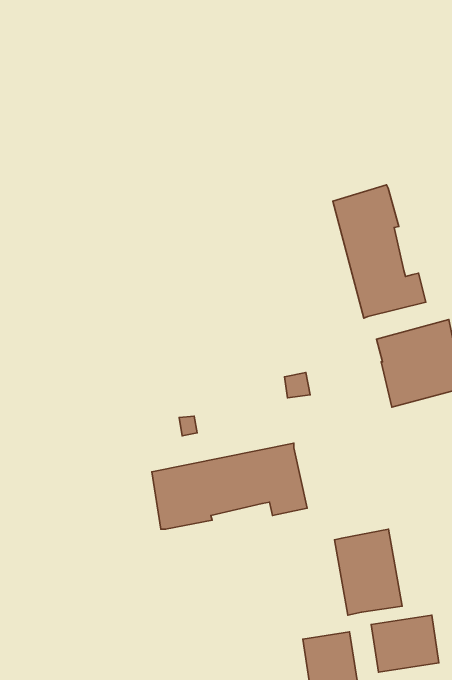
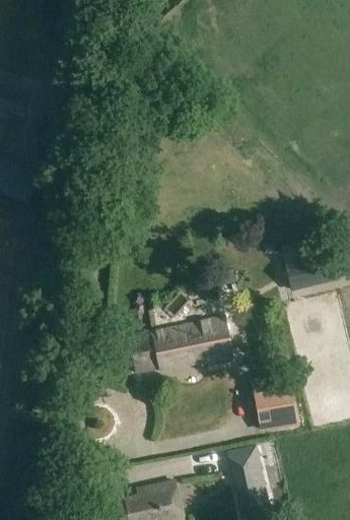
building: [333,185,426,318] -> none
building: [371,615,439,672] -> none

